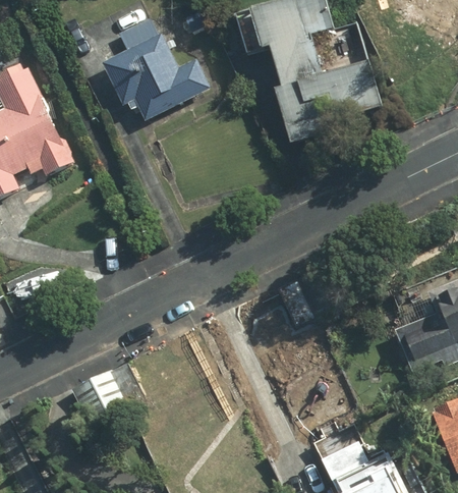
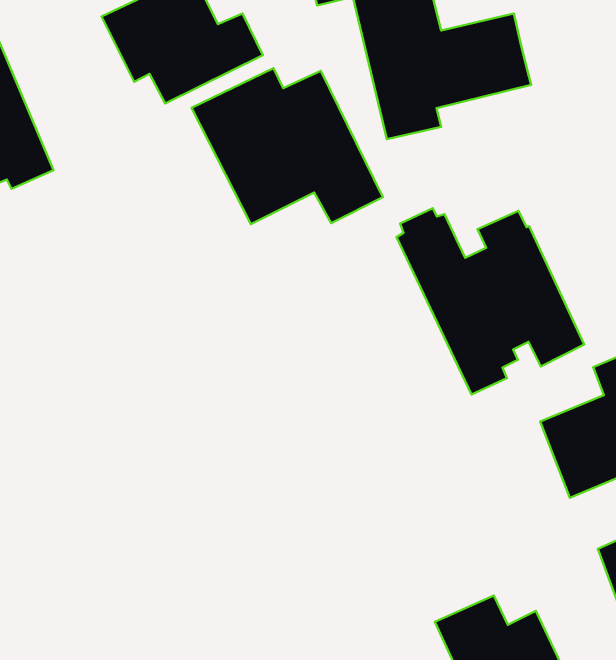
building: none -> [192,68,383,224]
building: none -> [396,208,584,394]

